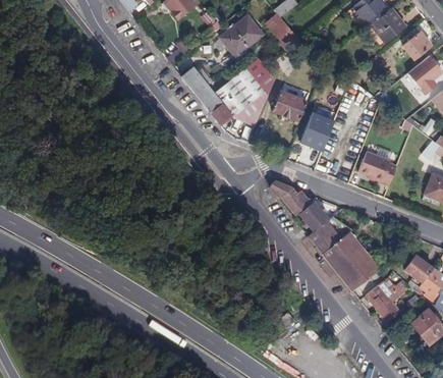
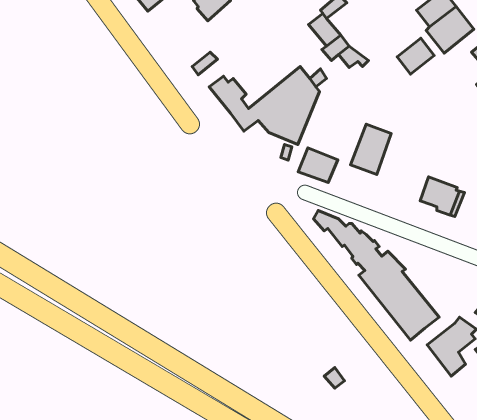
building: [220,16,263,56] -> none
building: none -> [397,38,434,74]
building: [272,92,306,121] -> [298,148,338,183]

